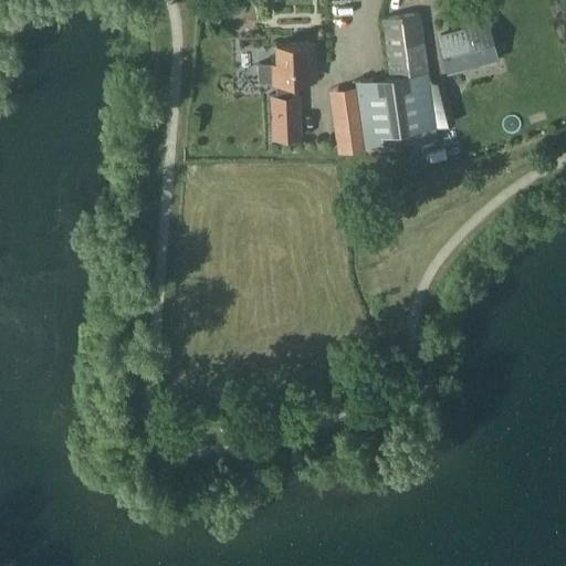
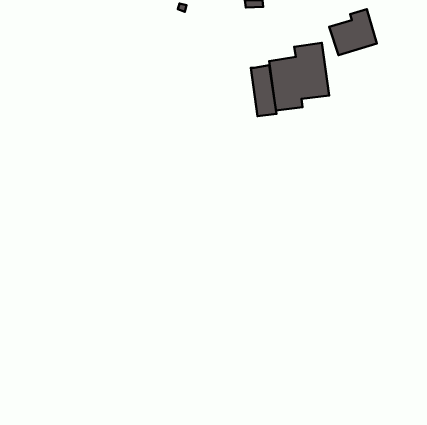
building: [382,15,426,65] -> none
building: [258,43,316,140] -> none

